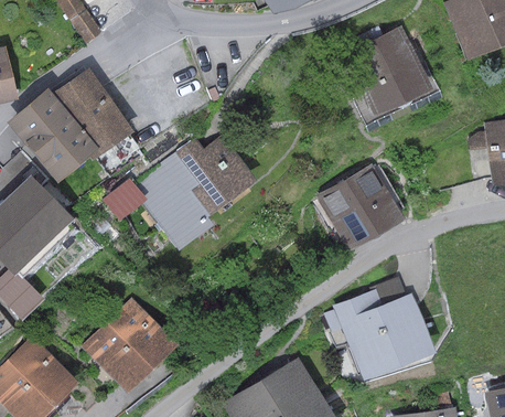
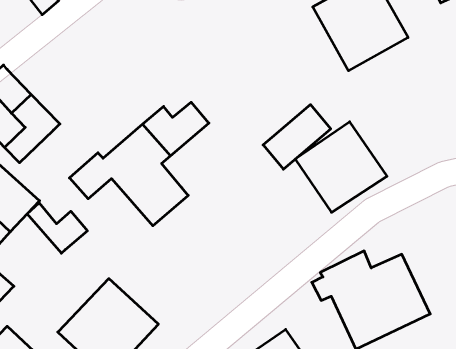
building: [51,67,132,159] -> none
building: [191,157,256,216] -> [263,105,331,169]
building: none -> [27,203,87,253]

